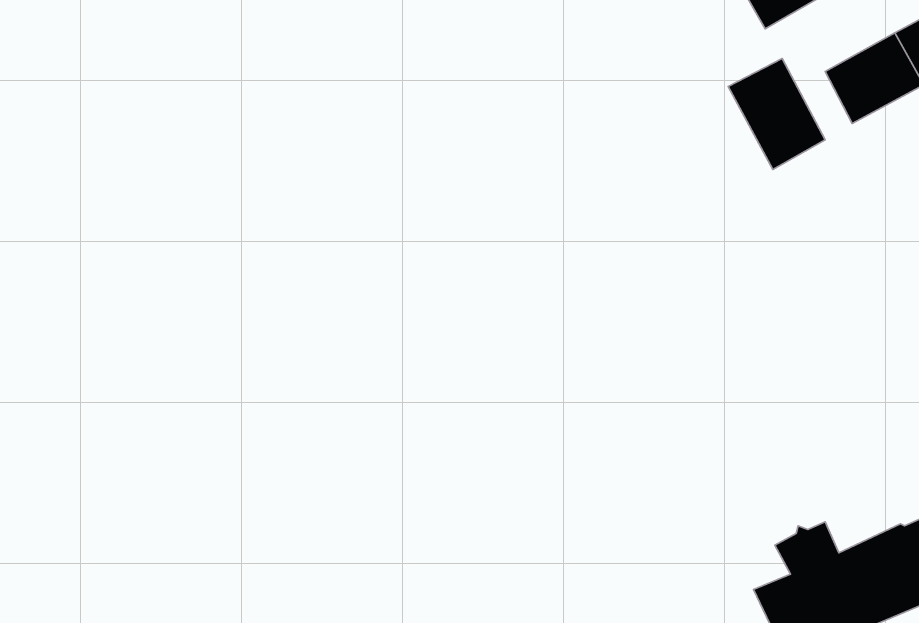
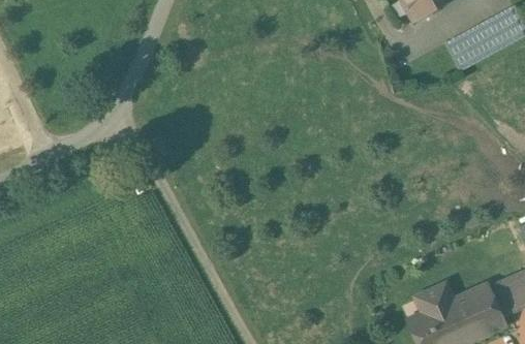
building: [728,58,825,169] -> none

